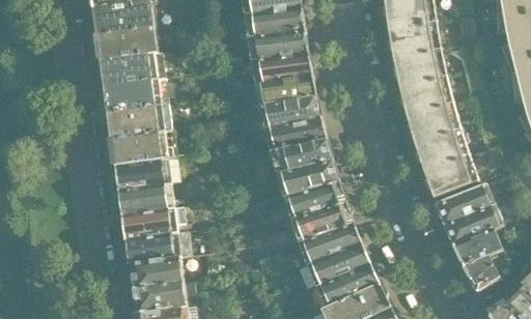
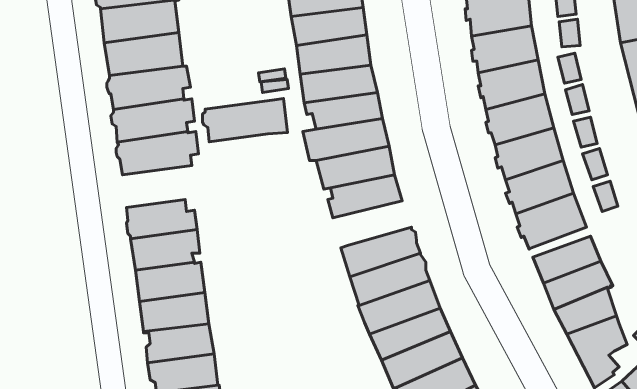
building: [109,133,176,167] -> [203,99,288,142]
building: [278,162,340,197] -> none

